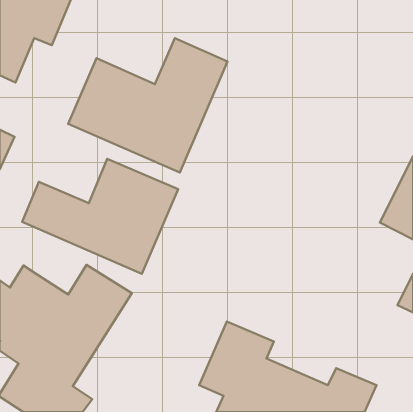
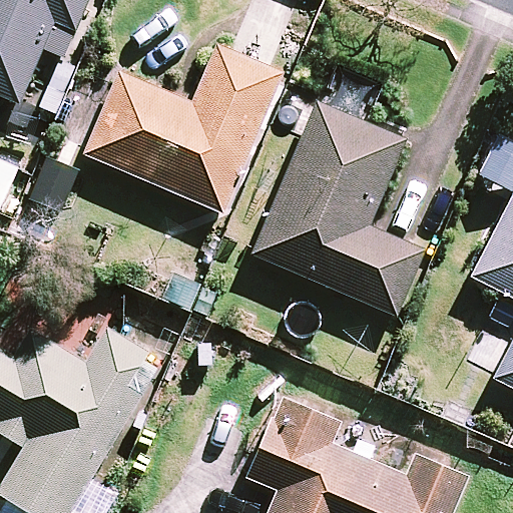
building: none -> [252,103,425,316]
building: [22,159,178,274] -> none

